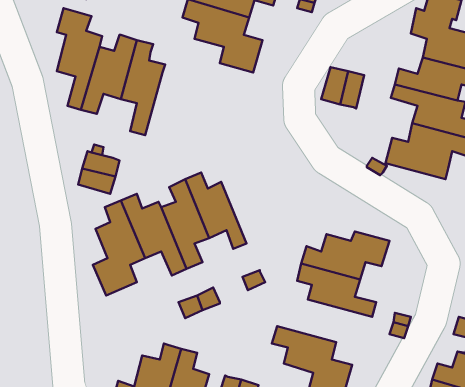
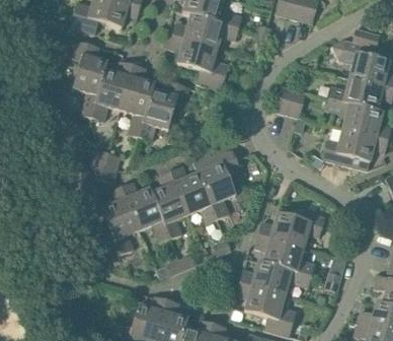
building: none -> [139,80,187,140]
building: none -> [192,145,241,219]
building: none -> [239,261,311,294]

